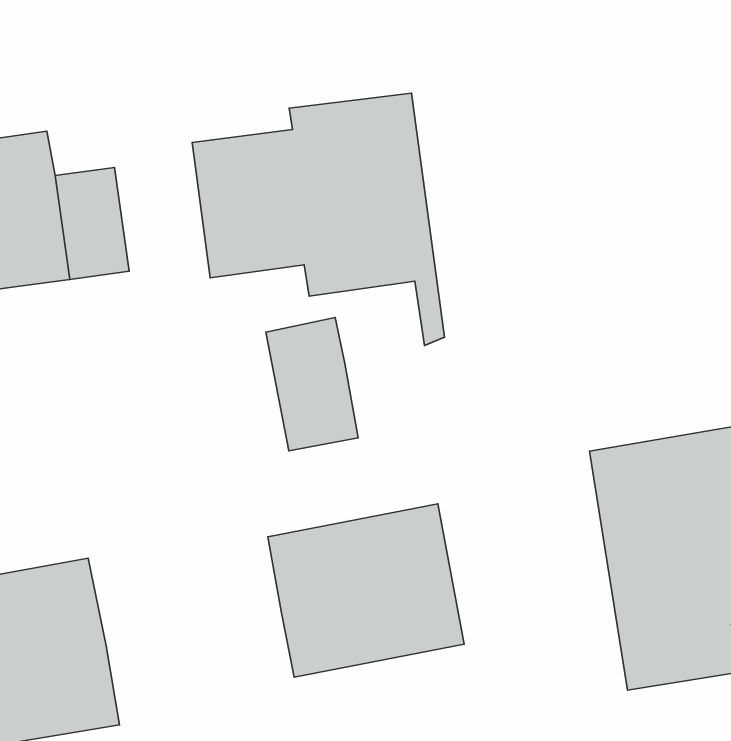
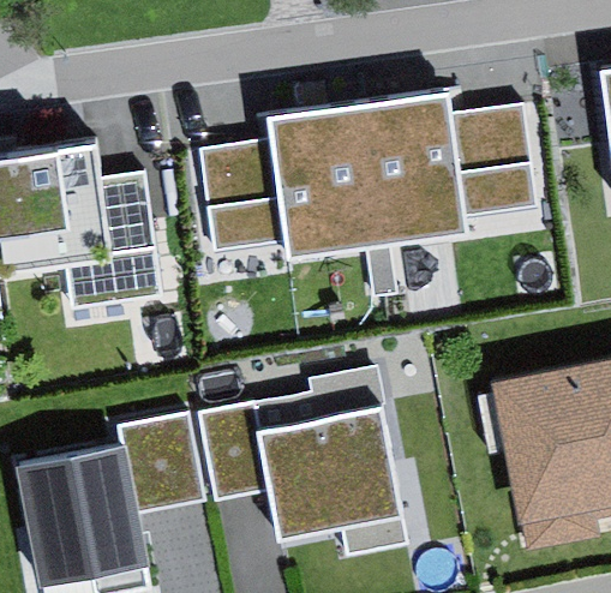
building: none -> [361,100,532,292]
building: none -> [67,241,163,303]
building: [266,317,358,451] -> [199,401,266,498]
building: none -> [120,409,208,514]

